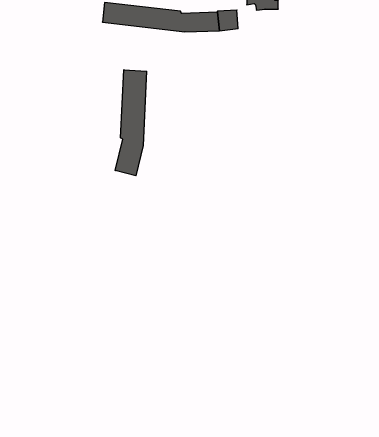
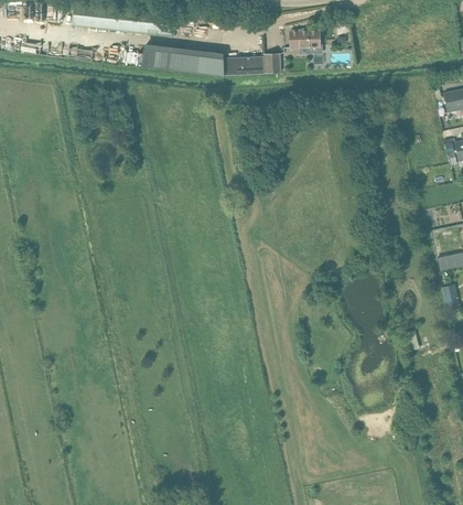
building: [115,70,147,176] -> none

